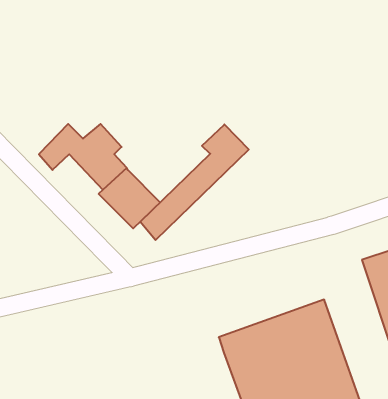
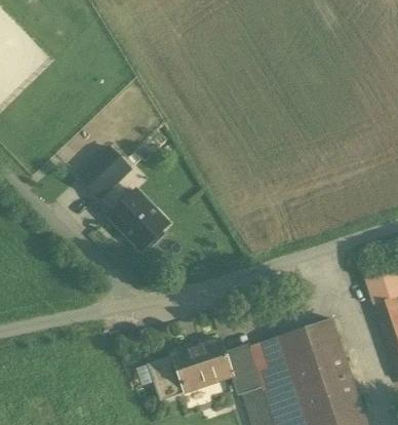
building: [140,124,249,240] -> none
building: none -> [148,340,233,401]

